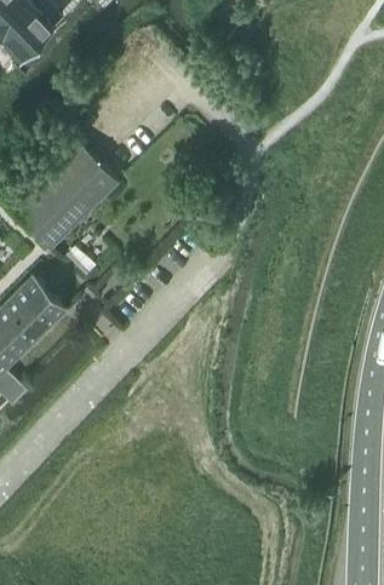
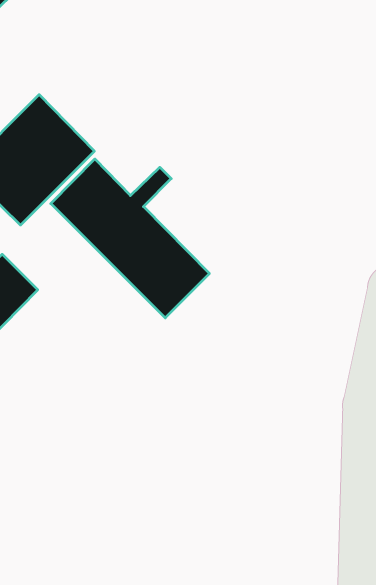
building: none -> [51,159,209,318]

